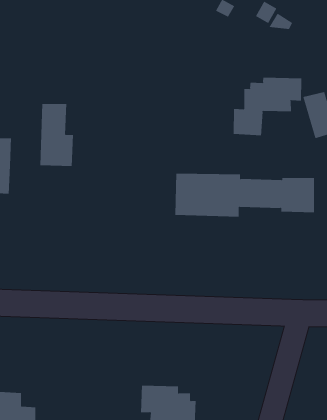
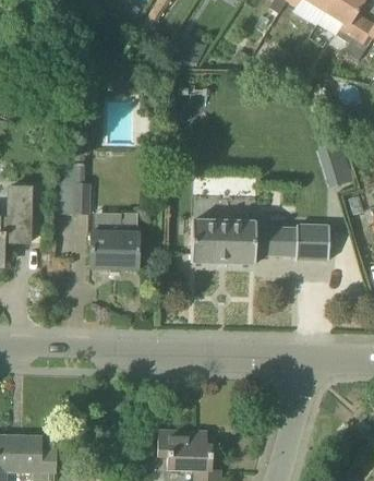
building: [233,77,302,136] -> none
building: none -> [89,212,138,269]

